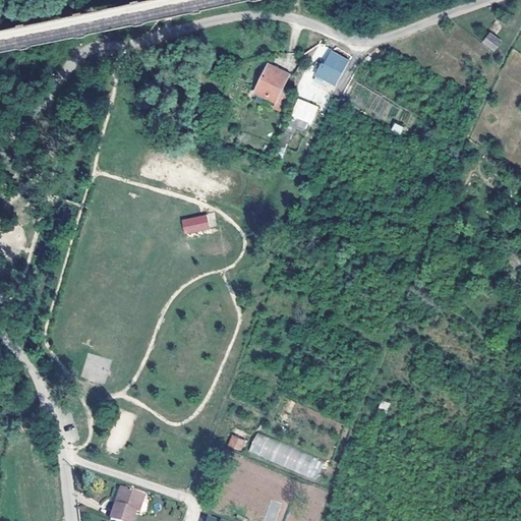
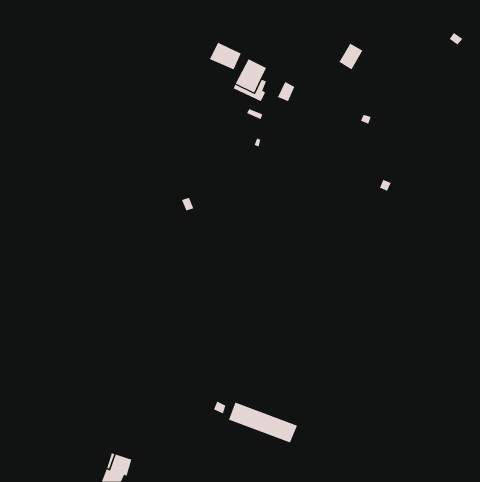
building: none -> [209,42,242,70]
building: [319,51,345,80] -> [339,43,363,70]

